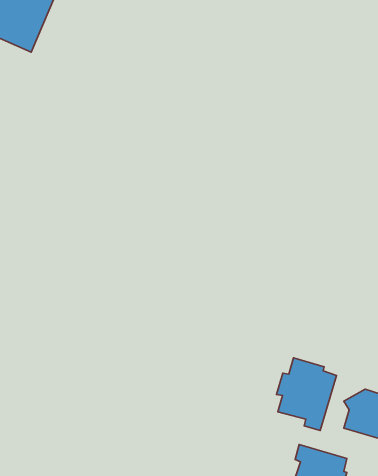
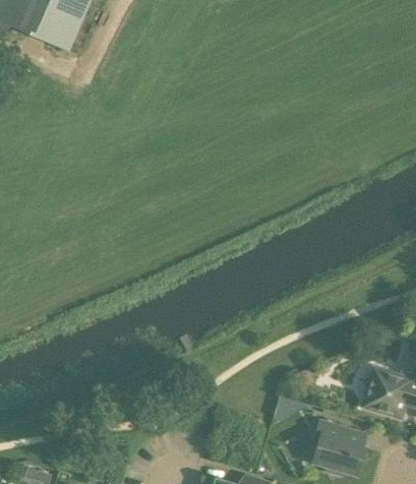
building: [276,358,336,431] -> none

